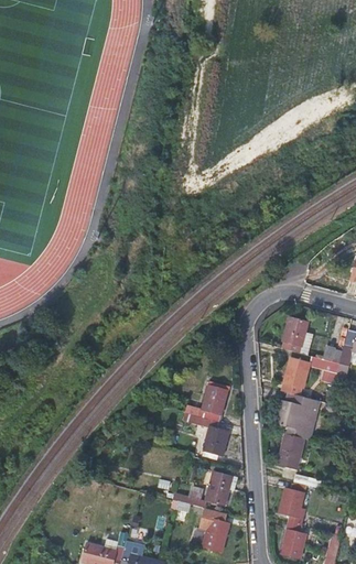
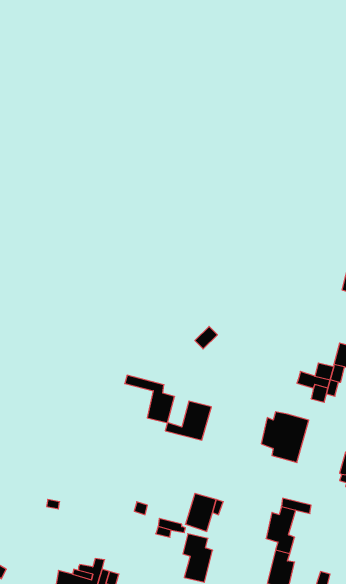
building: [281,318,306,354] -> none
building: [281,360,309,397] -> none
building: [183,412,229,456] -> [125,375,175,423]
building: [277,435,304,469] -> none

